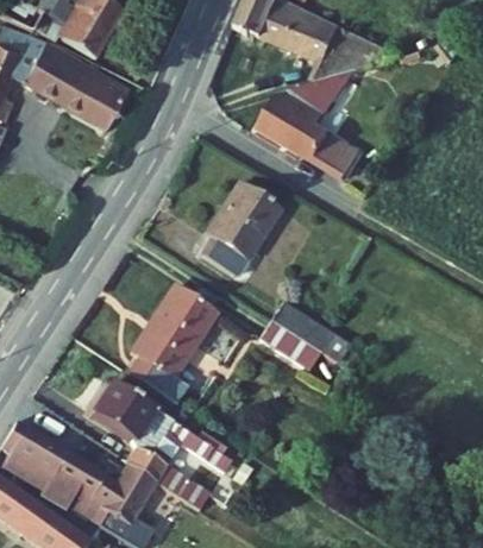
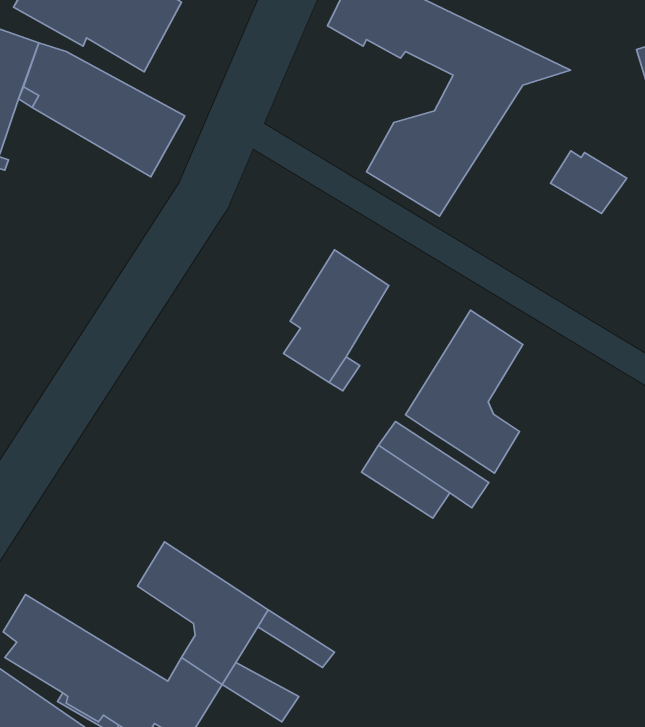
building: [308,134,362,178] -> [551,151,627,214]
building: none -> [406,310,523,473]
building: [132,284,211,405] -> none

